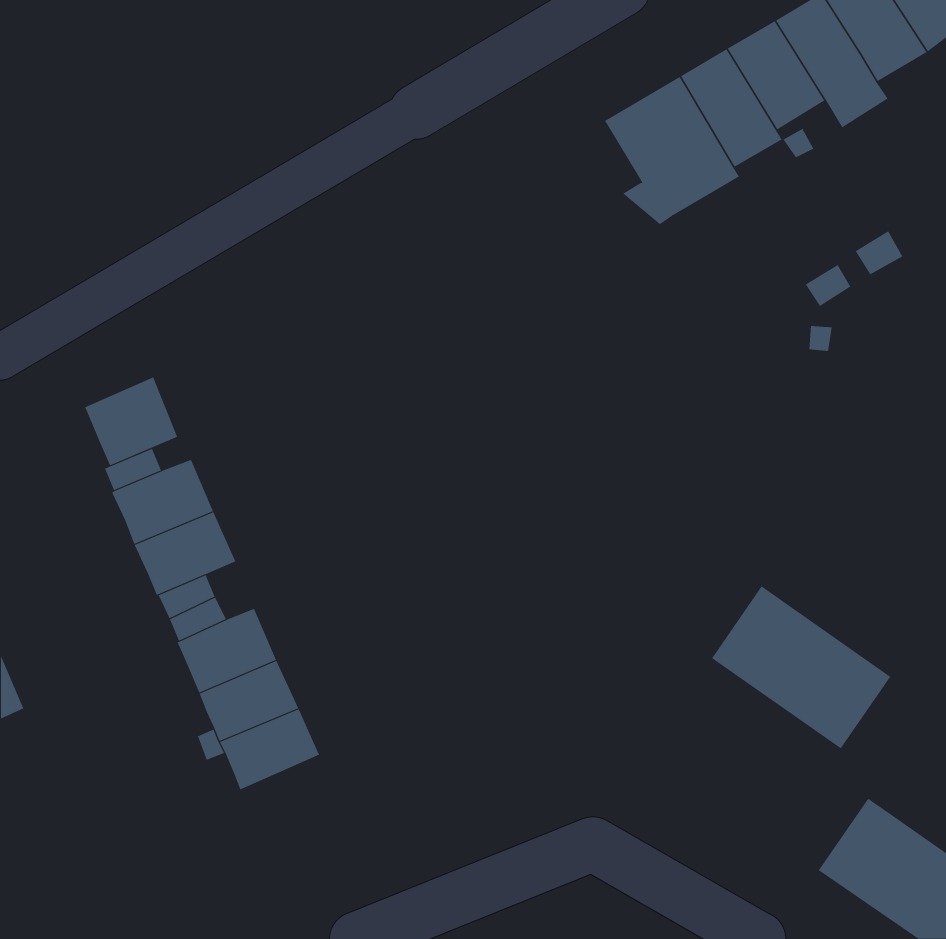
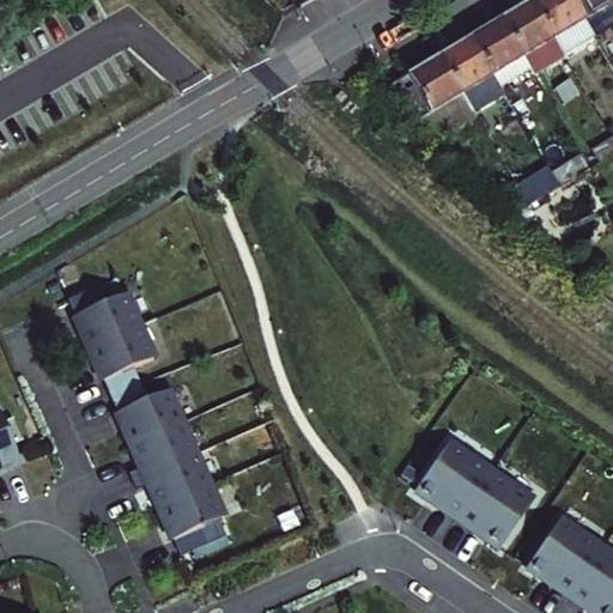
building: [84,376,178,466] -> none
building: [711,586,891,749] -> [418,437,534,542]
building: none -> [157,486,233,569]

